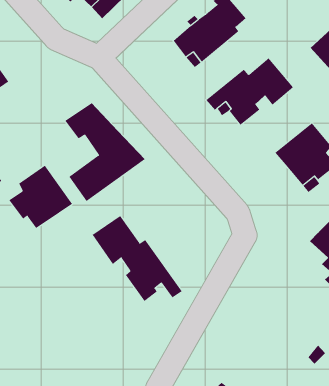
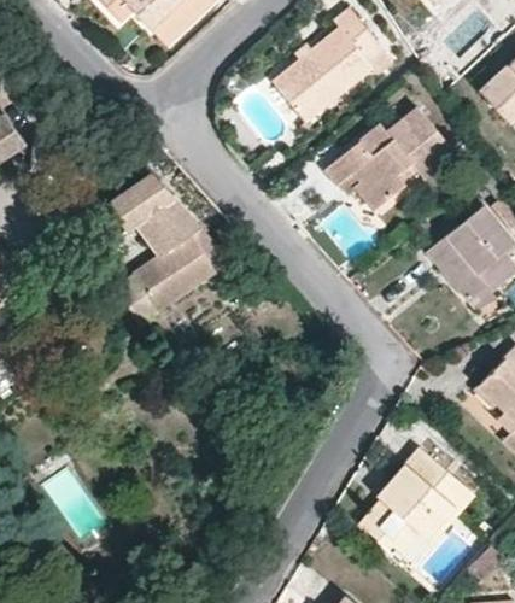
building: [9,165,73,229] -> none
building: [92,215,183,302] -> none
building: none -> [359,446,473,567]

